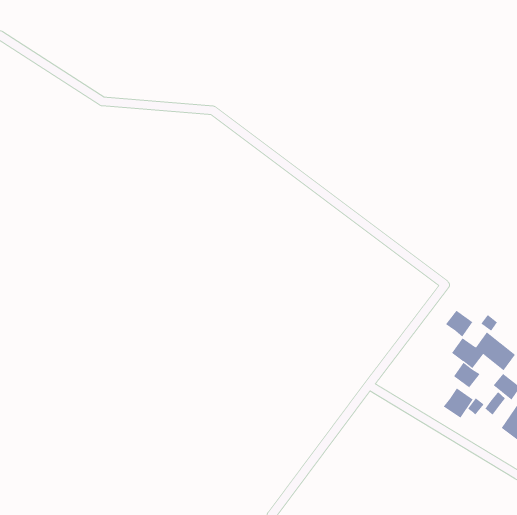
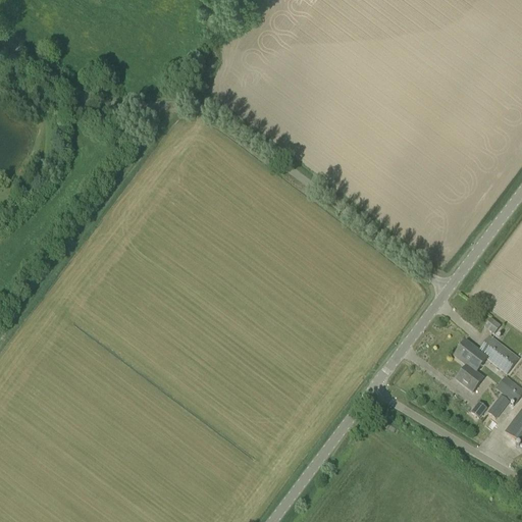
building: [445,310,473,338] -> none
building: [443,387,474,419] -> none

